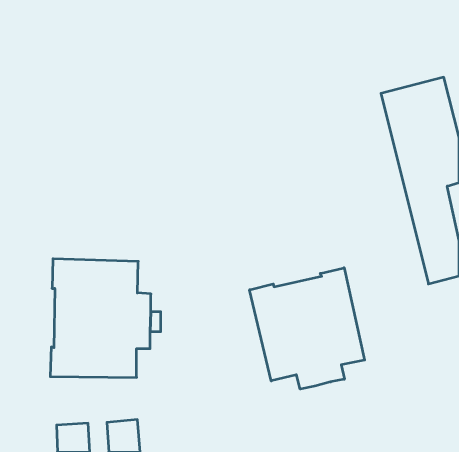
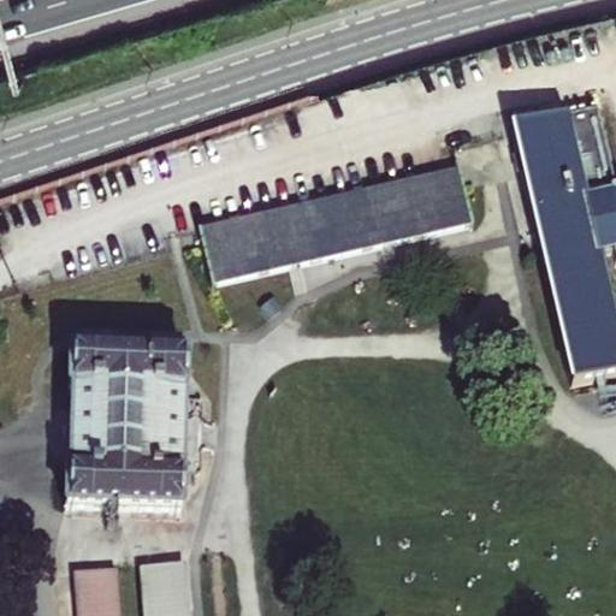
building: none -> [196,161,474,283]
building: [250,268,365,389] -> none

